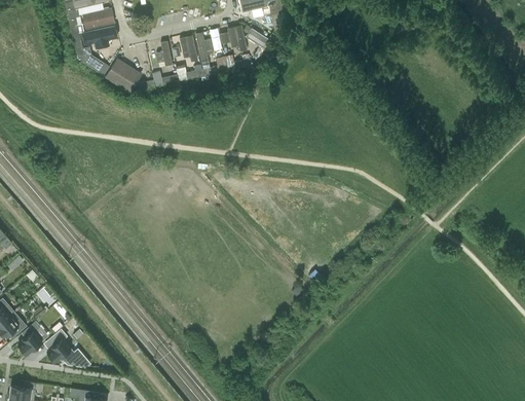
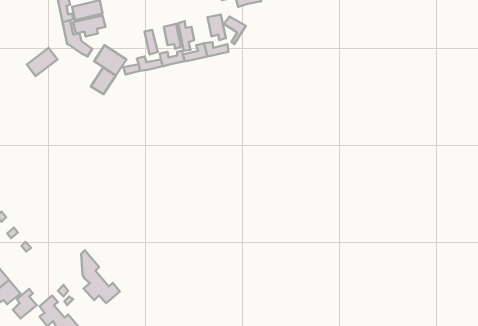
building: none -> [27,48,57,76]
building: none -> [91,67,116,94]
building: none -> [81,250,120,303]

